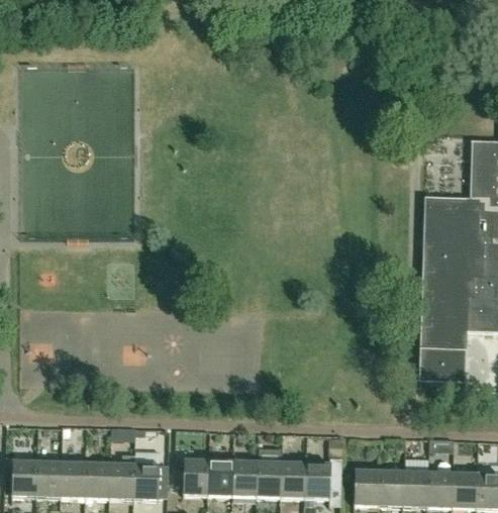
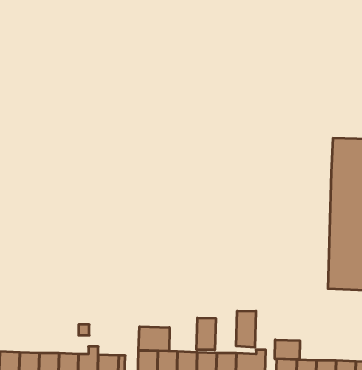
building: none -> [236,311,256,347]
building: none -> [197,318,216,350]
building: none -> [138,327,169,351]
building: none -> [275,340,300,359]

